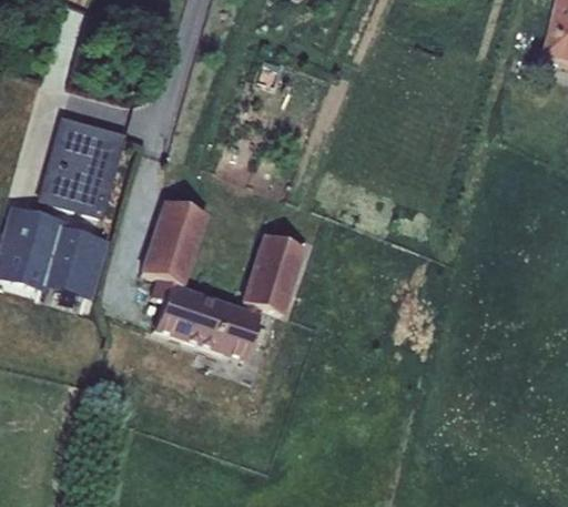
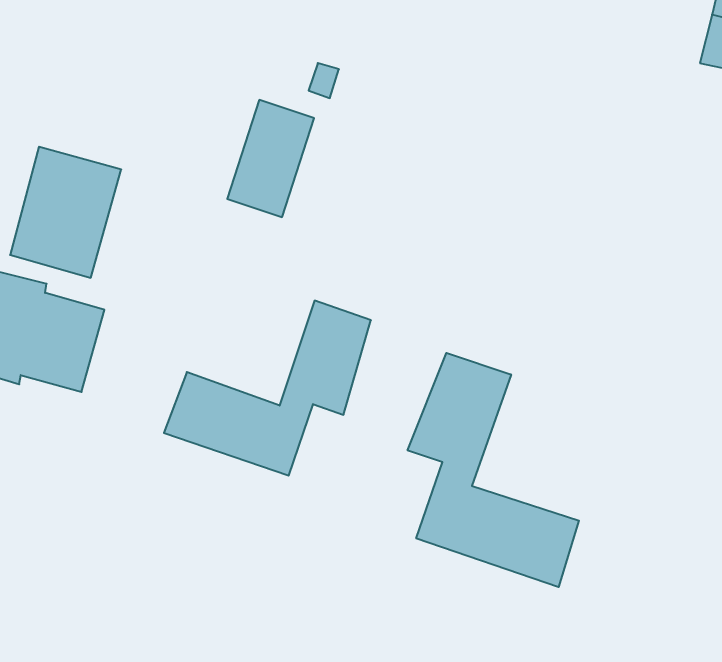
building: [143,199,206,284] -> [227,100,314,217]
building: none -> [408,353,579,587]

